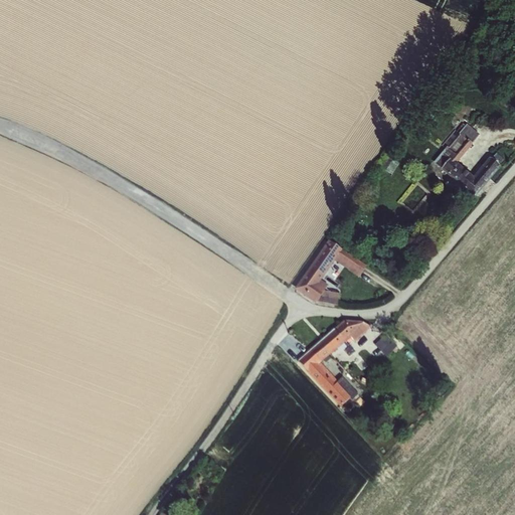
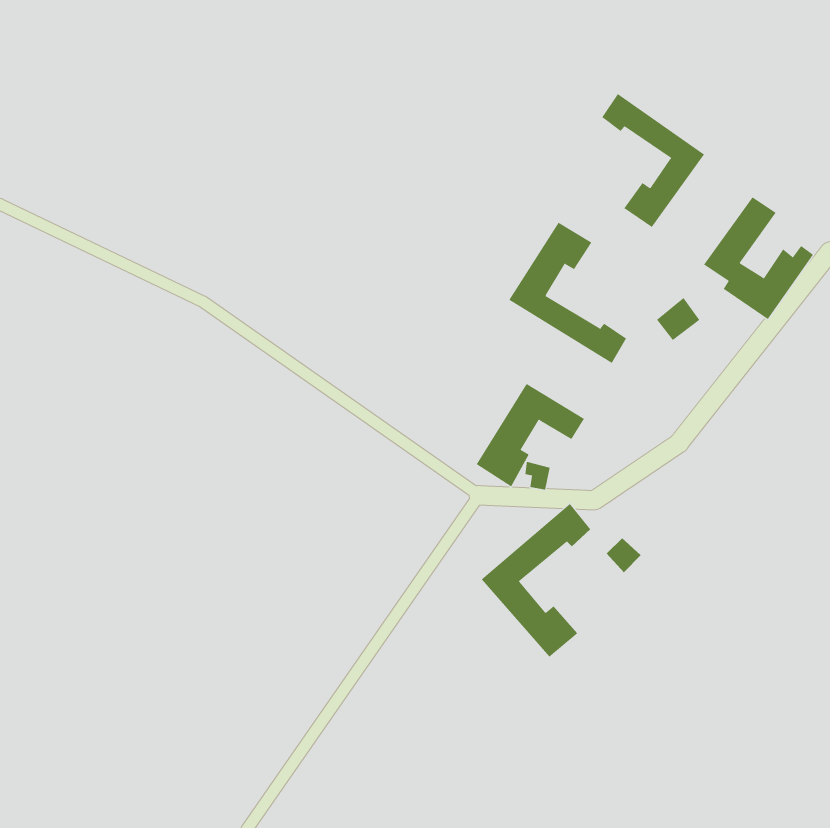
building: none -> [601,93,705,228]
building: none -> [509,222,627,364]

